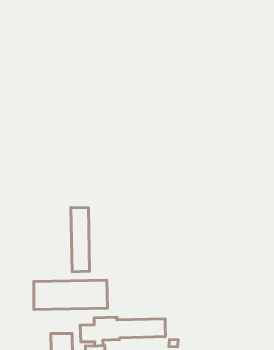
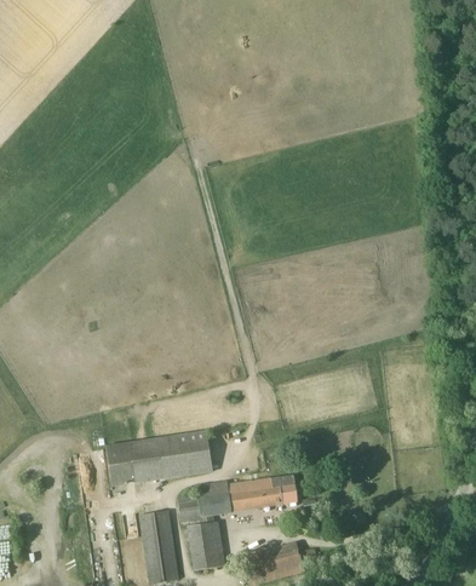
building: [71,207,90,272] -> none

